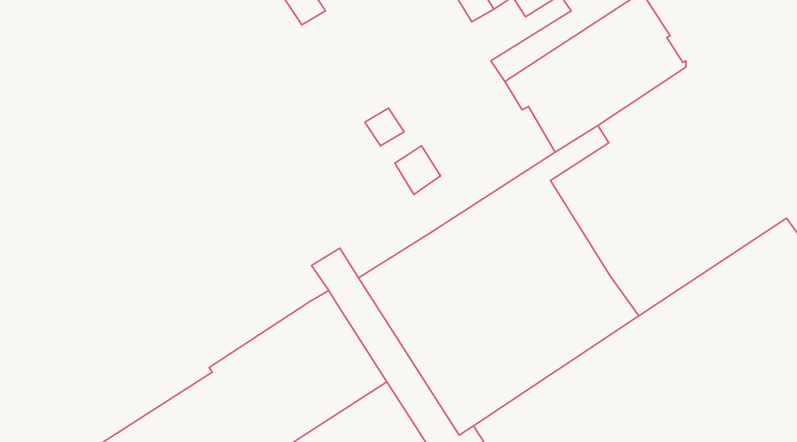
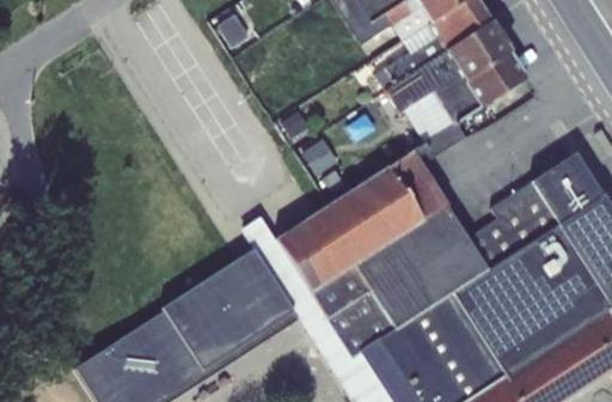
building: none -> [469,151,602,266]

